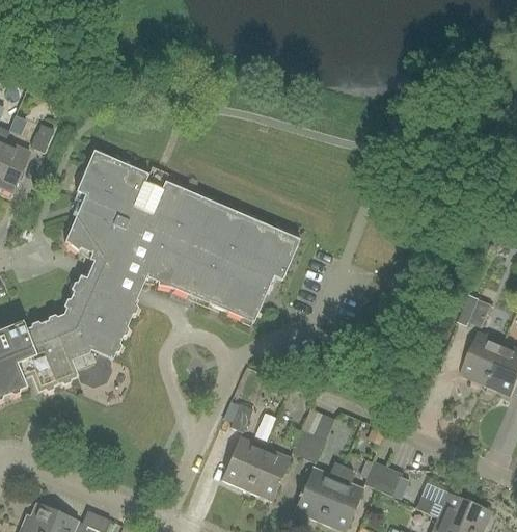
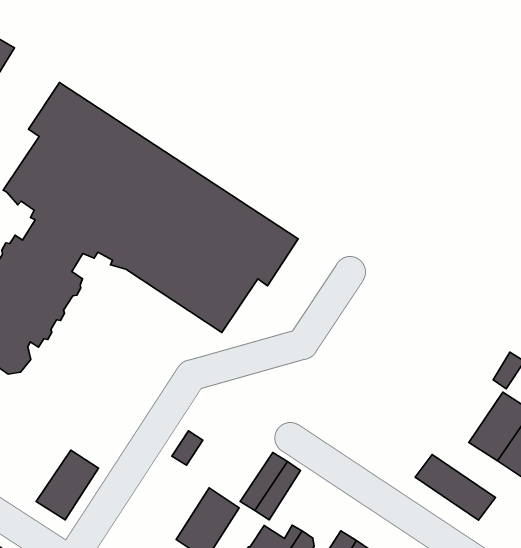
building: none -> [415,455,496,520]
building: [221,434,265,489] -> [36,450,98,520]

